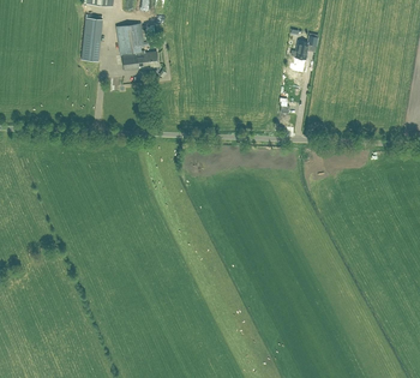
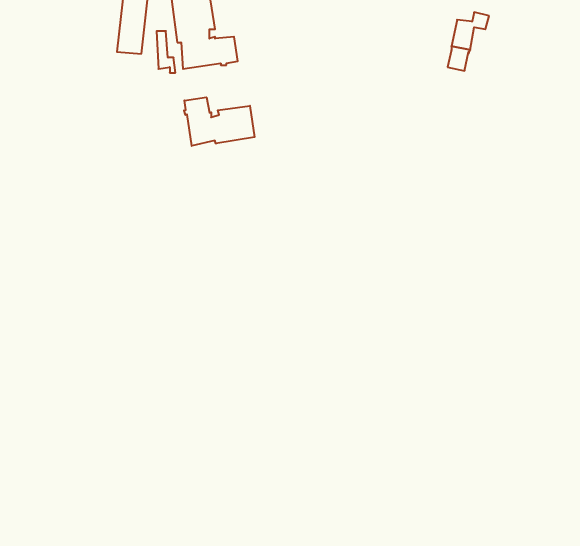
building: none -> [184,97,255,146]

